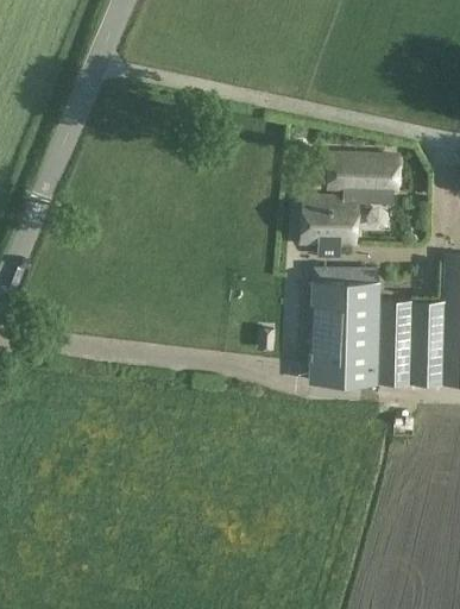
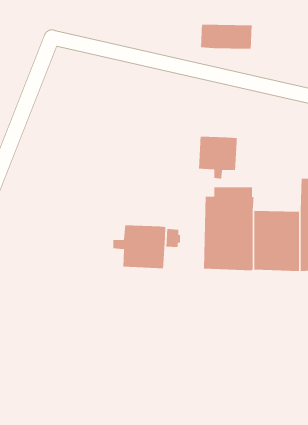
building: [326,156,398,192] -> [200,24,252,50]
building: none -> [112,224,166,269]

